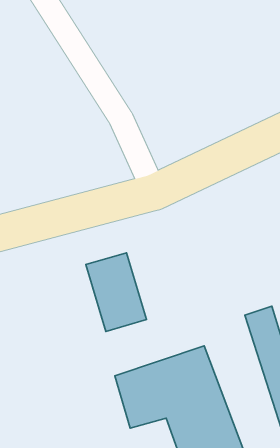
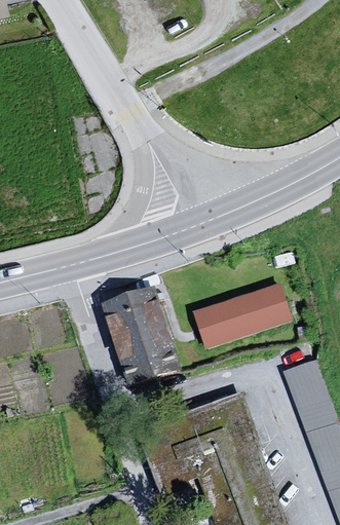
building: none -> [192,289,286,349]

